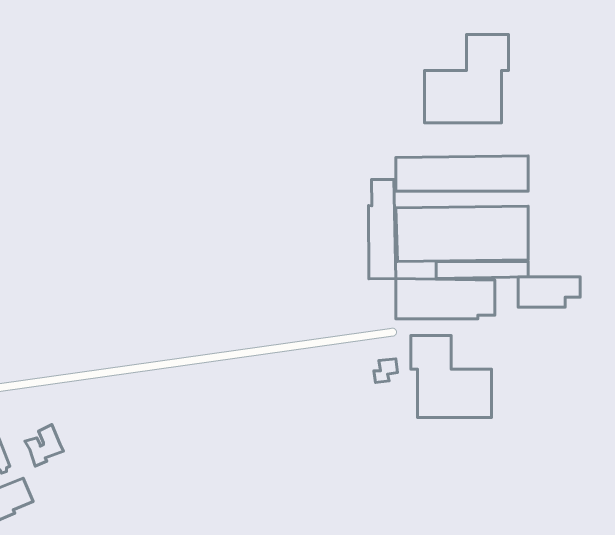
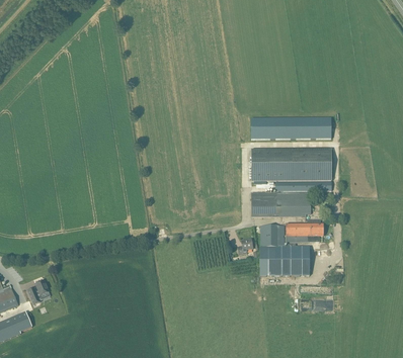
building: [425,34,509,123] -> none
building: [369,179,396,279] -> none
building: [518,277,580,307] -> [286,223,323,242]

